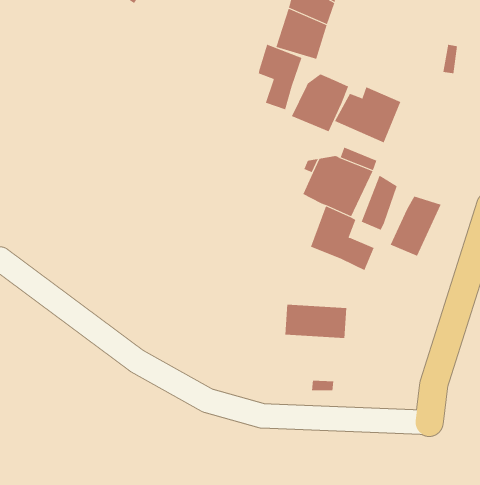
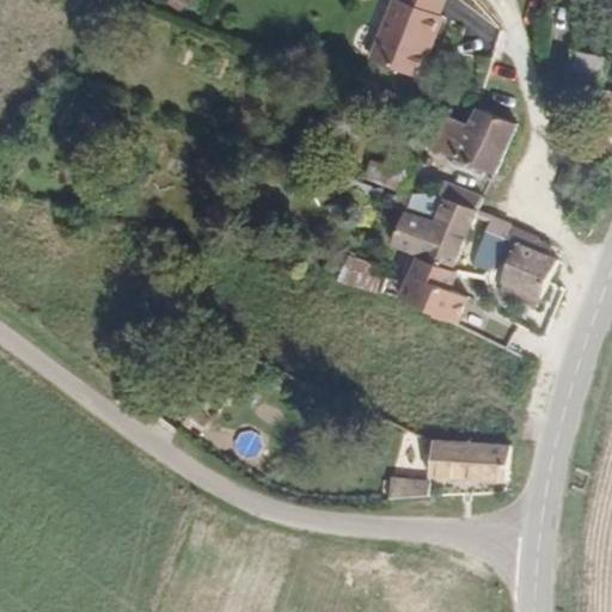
building: [258,44,302,110] -> none
building: [291,74,349,132] -> none
building: [285,304,347,339] -> [441,434,519,477]

